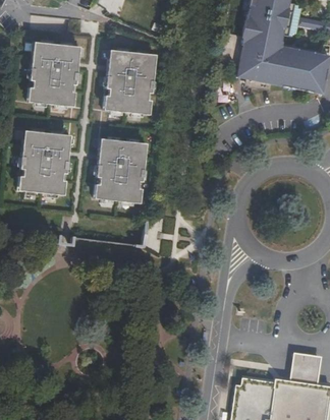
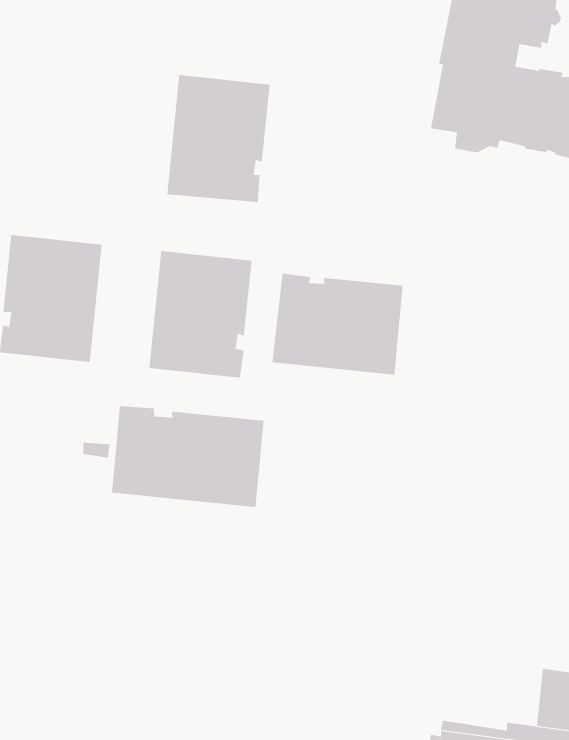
building: [26,42,79,108] -> none
building: none -> [272,273,403,375]
building: none -> [111,406,264,508]

